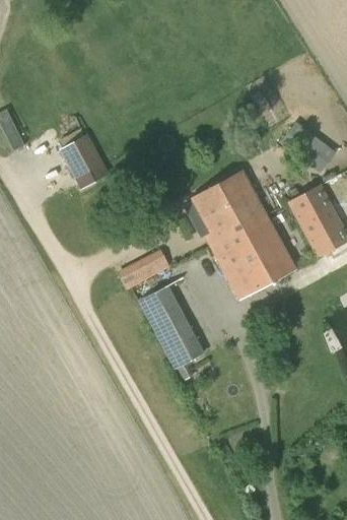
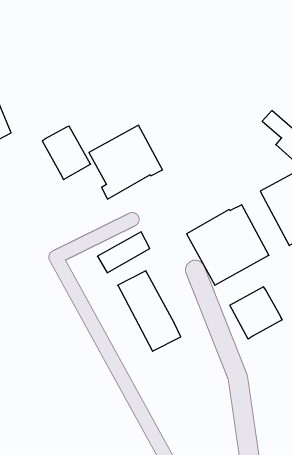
building: [191,170,268,247] -> [89,125,163,199]
building: none -> [230,287,282,339]

